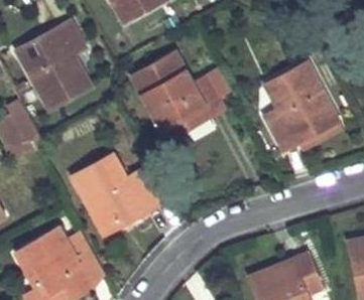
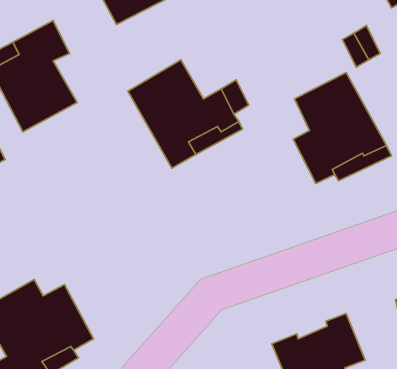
building: [74,153,160,234] -> none

